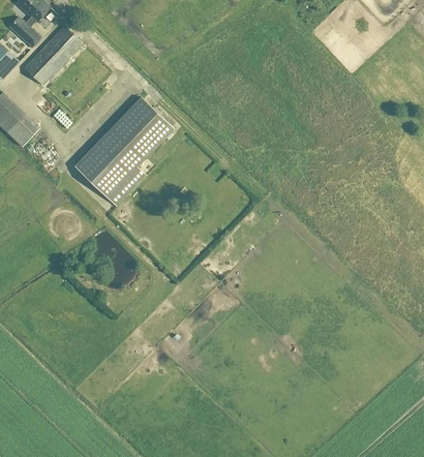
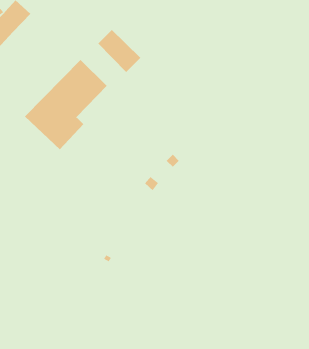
building: none -> [98,29,141,73]

